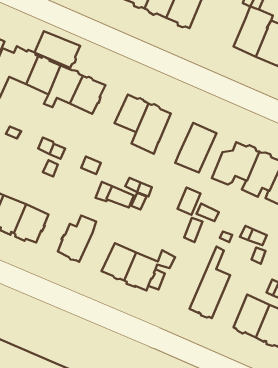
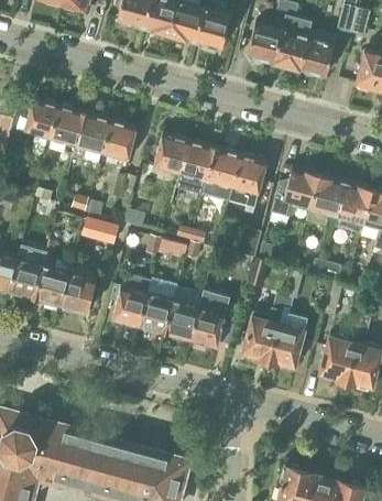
building: none -> [247,21,282,62]
building: [35,31,80,68] -> none
building: none -> [206,146,241,187]
building: none -> [138,275,174,333]
building: none -> [242,285,287,360]

